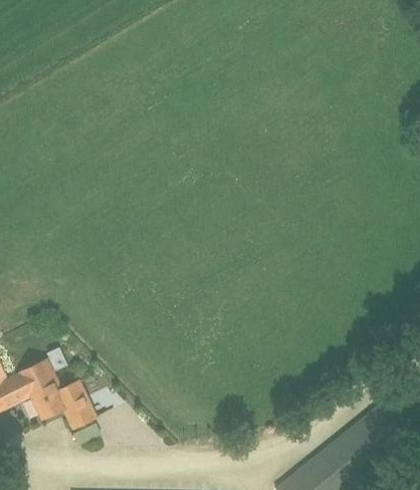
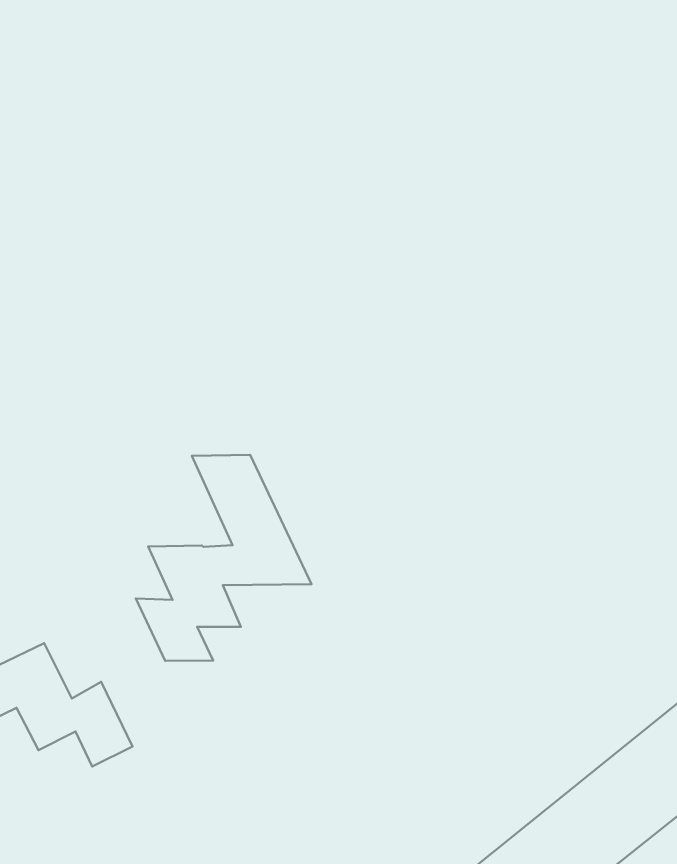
building: none -> [136,455,312,661]

